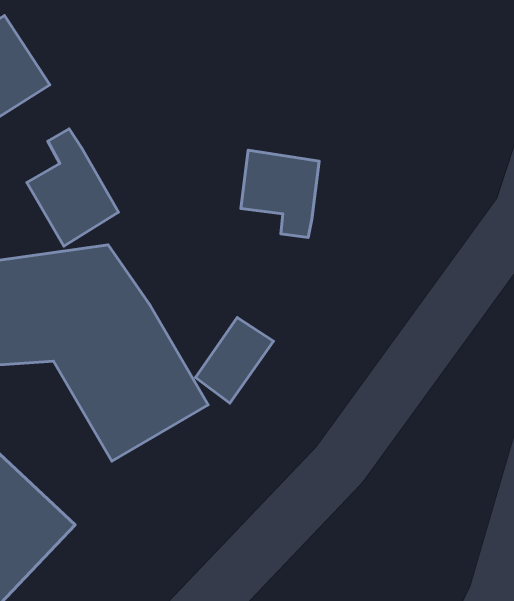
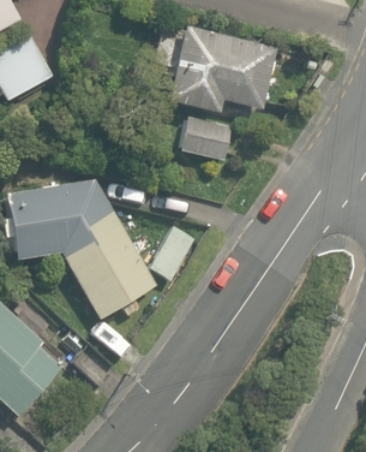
building: none -> [161,23,281,113]
building: [27,129,119,246] -> none

